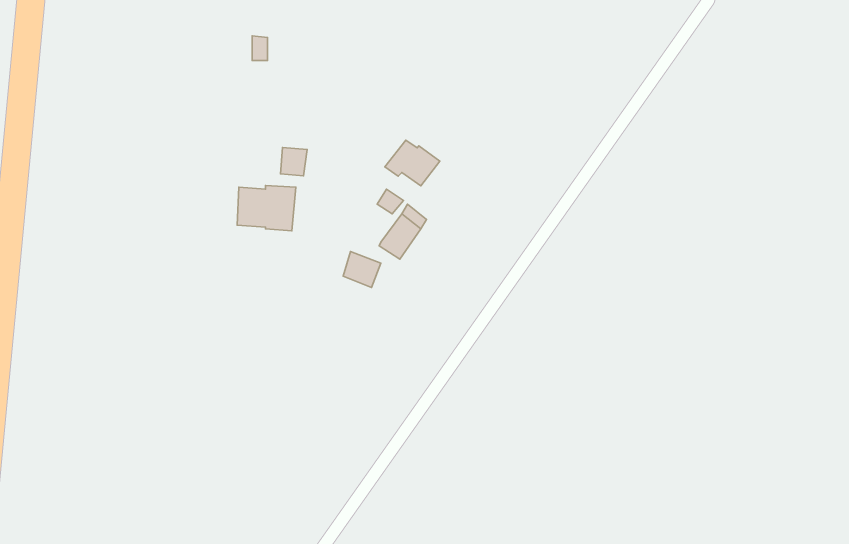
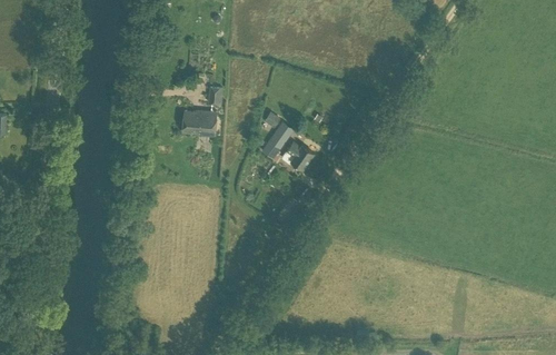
building: [385,140,440,186] -> [280,142,312,169]

